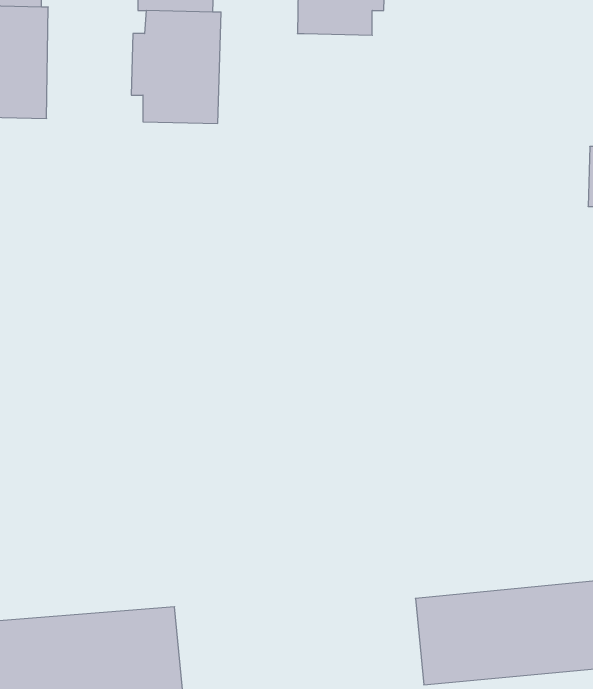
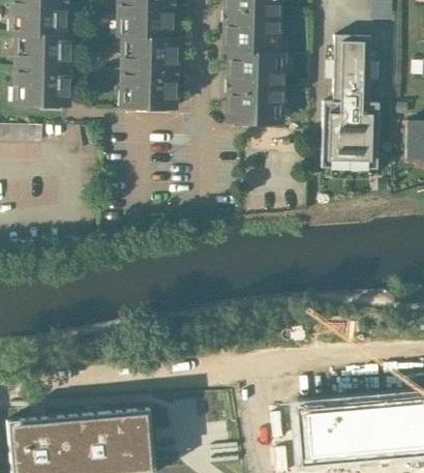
building: none -> [323,39,376,175]
building: none -> [228,53,282,123]

